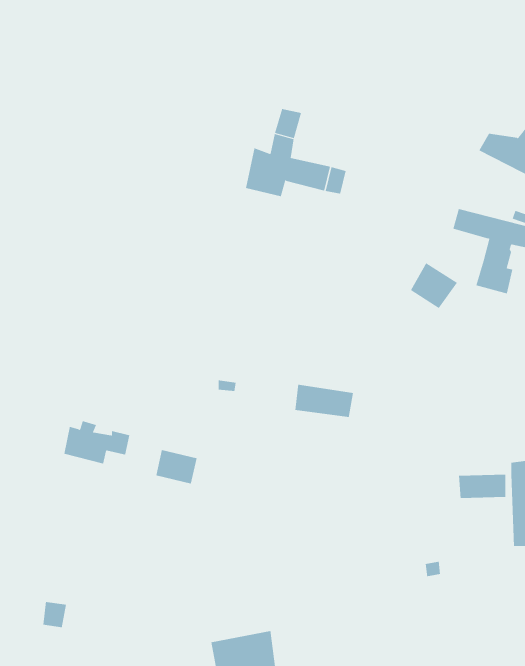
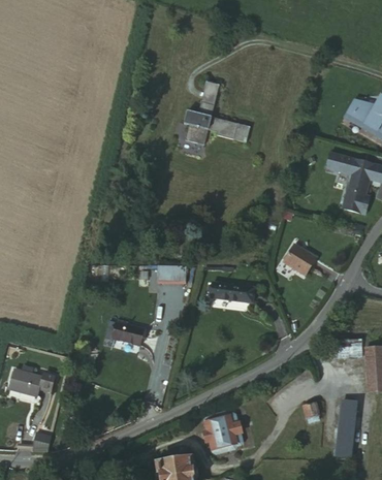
building: [410,263,458,309] -> [283,246,317,279]
building: [63,421,130,464] -> [9,366,57,397]
building: none -> [336,399,357,456]
building: none -> [204,415,244,453]

